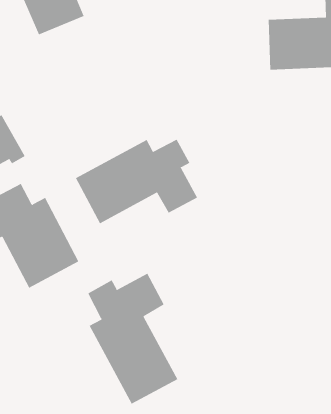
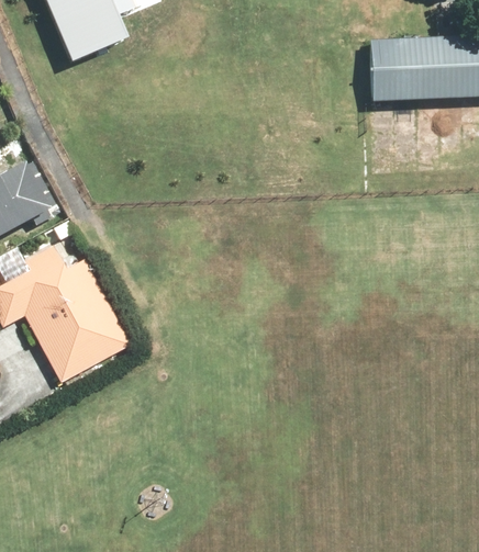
building: [75,139,198,224] -> none
building: [87,273,178,404] -> none

